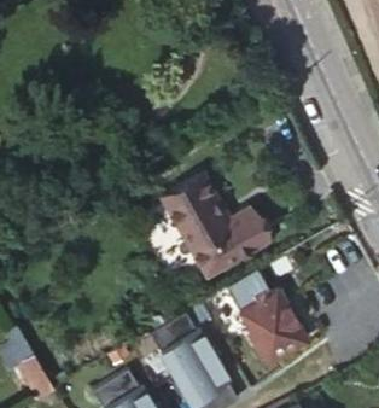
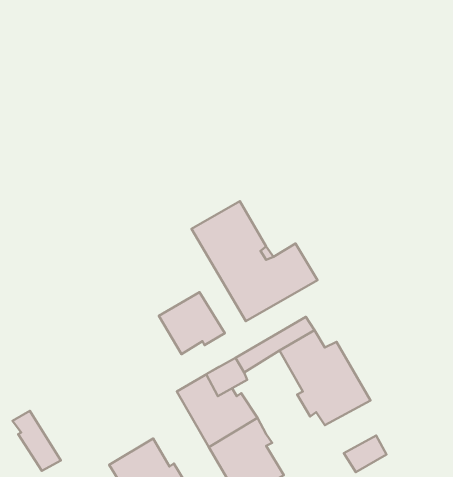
building: none -> [159,292,225,354]

